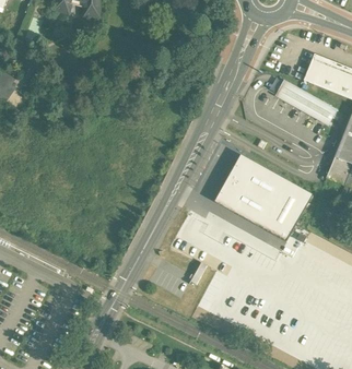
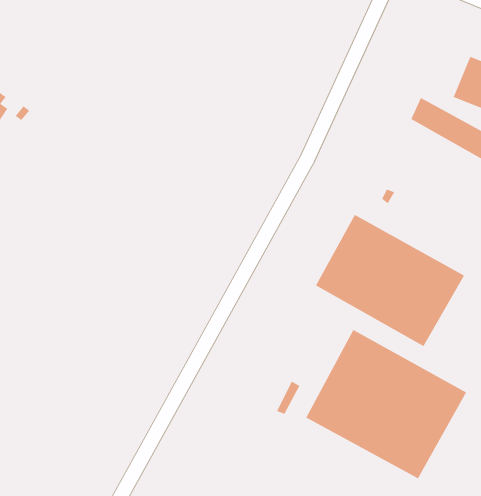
building: none -> [305,329,467,479]

